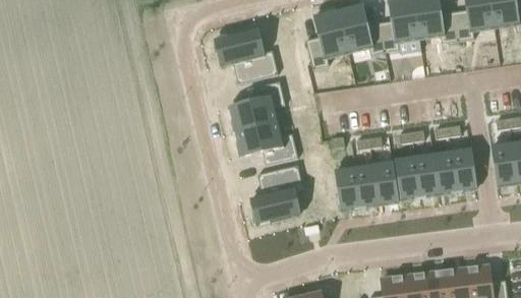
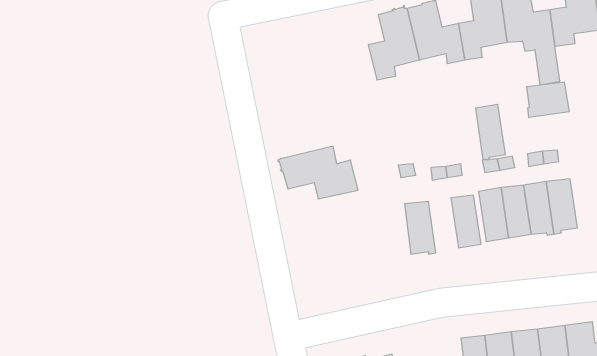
building: [213,28,278,83] -> none
building: none -> [527,82,569,118]
building: [228,81,285,132] -> none
building: [355,164,380,208] -> [475,104,505,160]
building: [251,165,303,226] -> none

